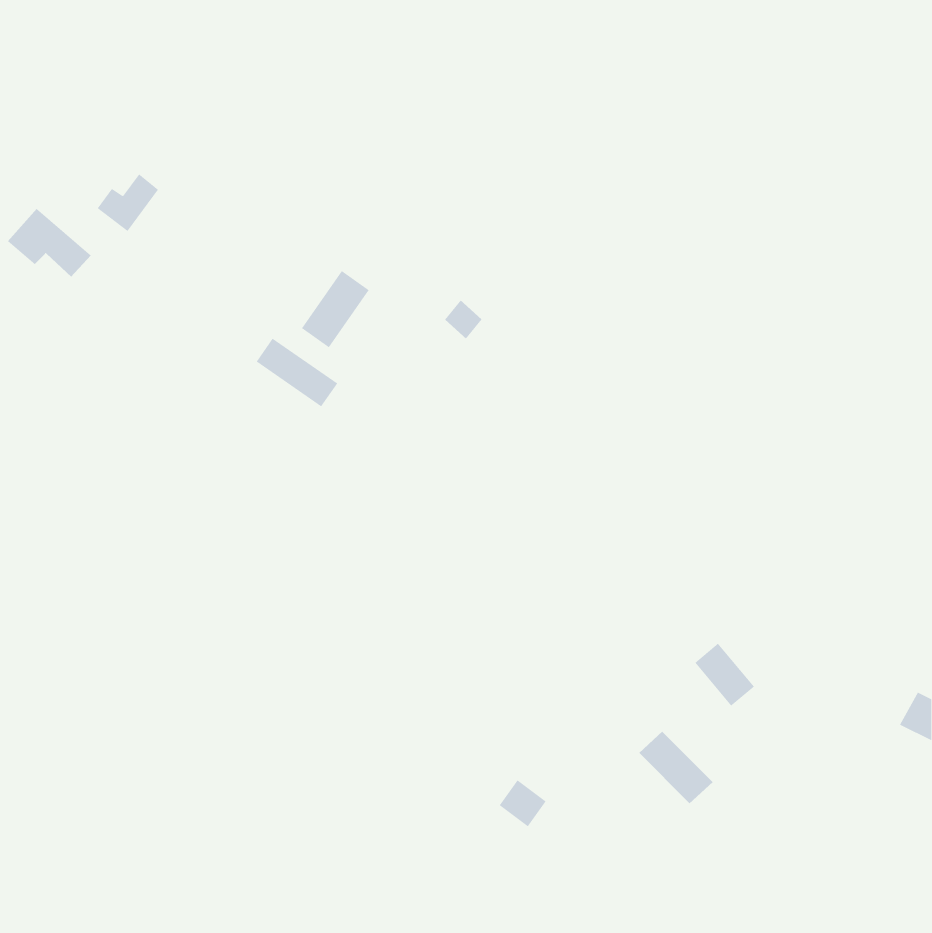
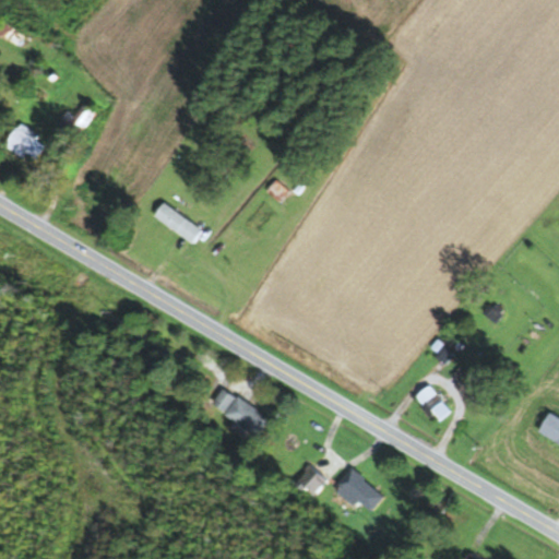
building: [301,270,369,348] -> none
building: none -> [212,386,270,437]
building: [638,731,713,804] -> [340,467,384,511]

